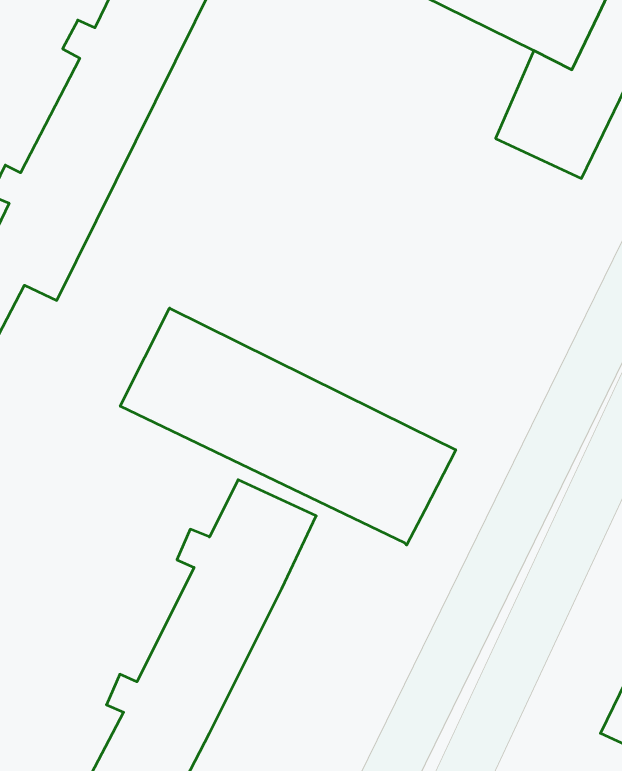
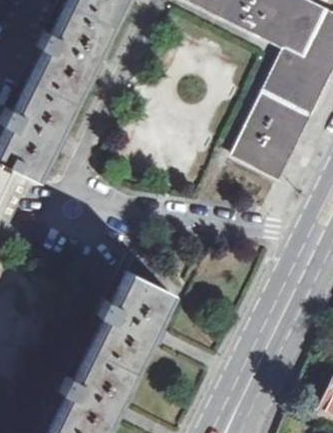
building: none -> [233,92,308,177]
building: [120,308,456,545] -> none

